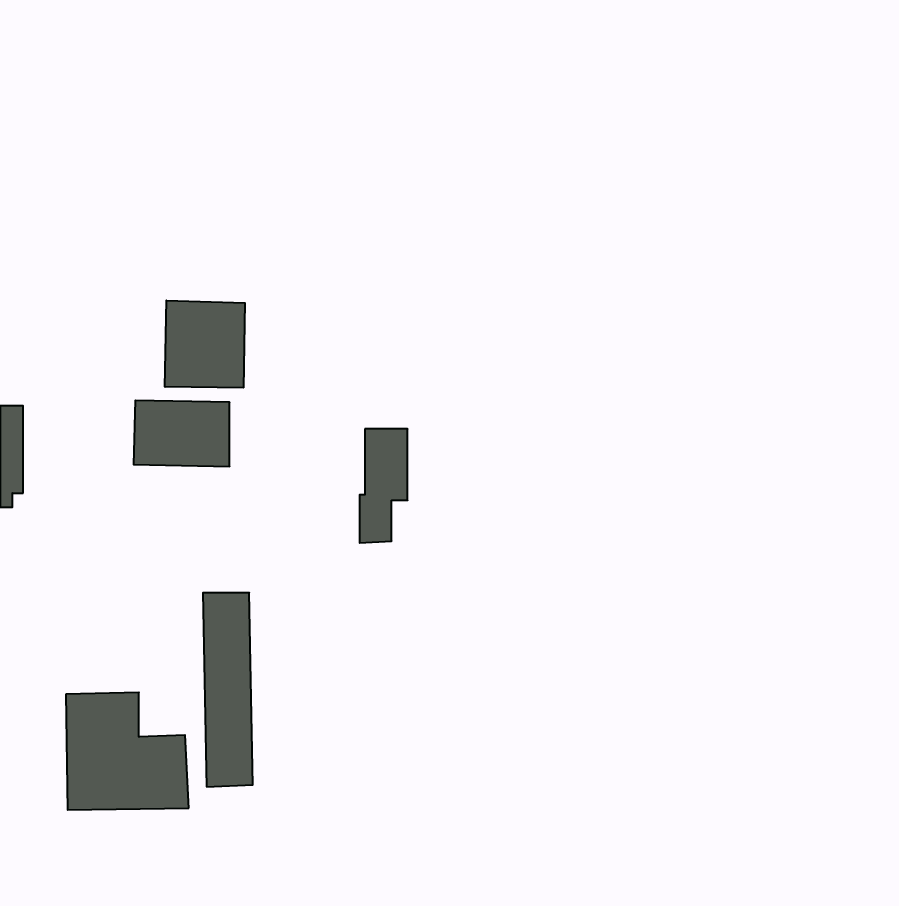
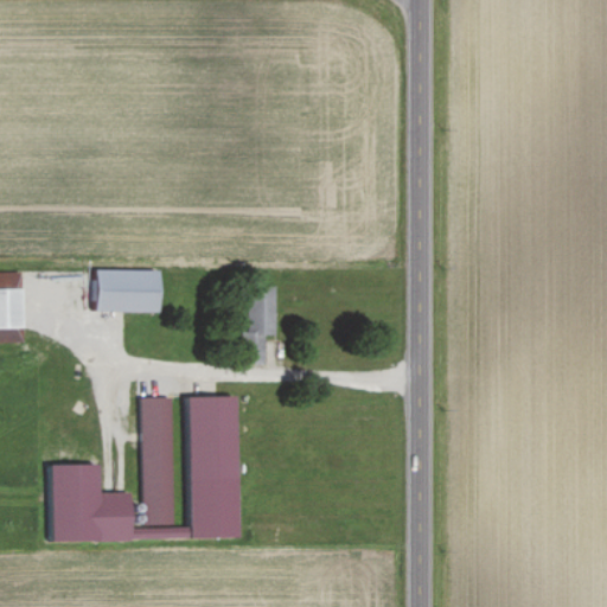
building: [165,300,245,388] -> none
building: none -> [189,396,238,537]

